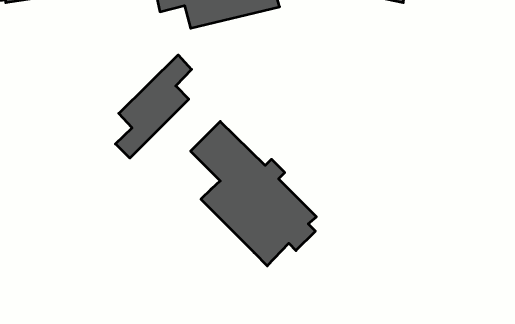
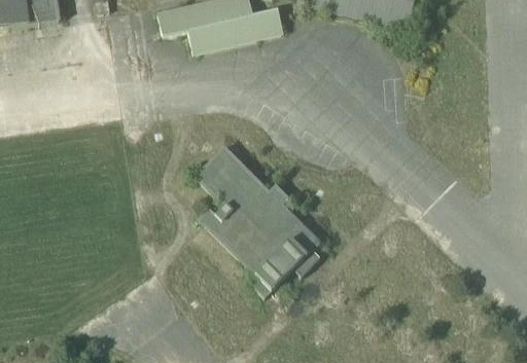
building: [115,55,192,158] -> none

